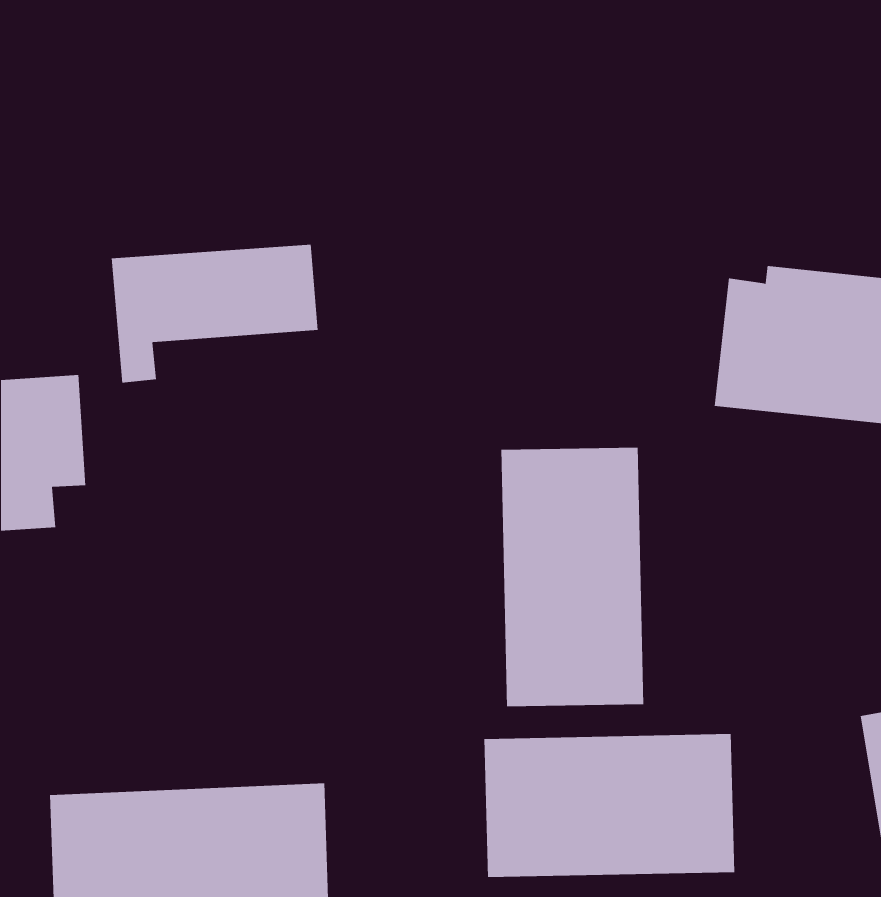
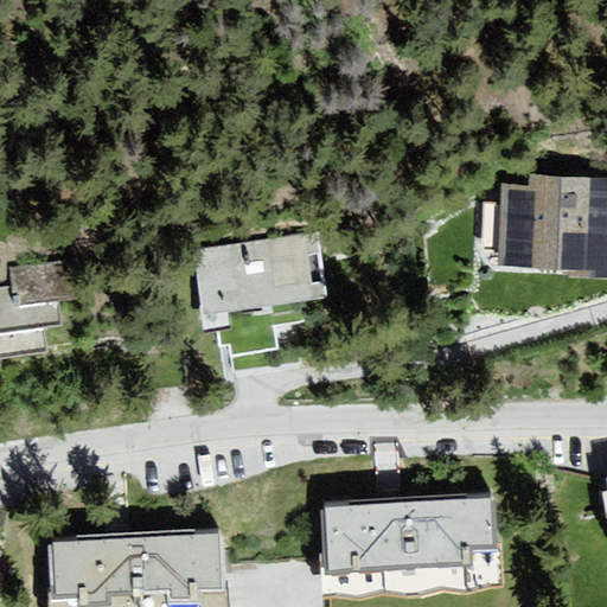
building: [111,244,318,383] -> [187,232,327,326]
building: [501,447,644,707] -> none

